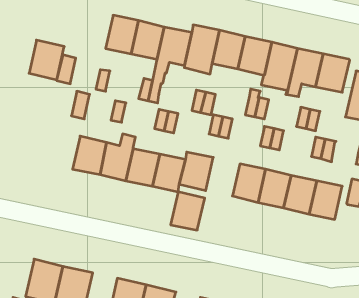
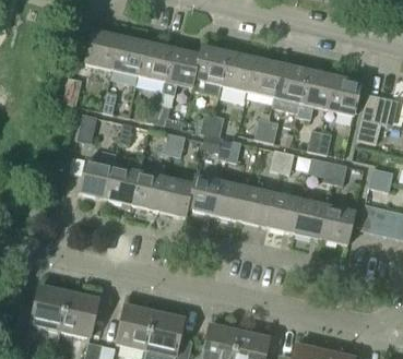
building: [29,40,64,80] -> [84,29,120,70]
building: [171,192,205,230] -> [215,181,250,220]

